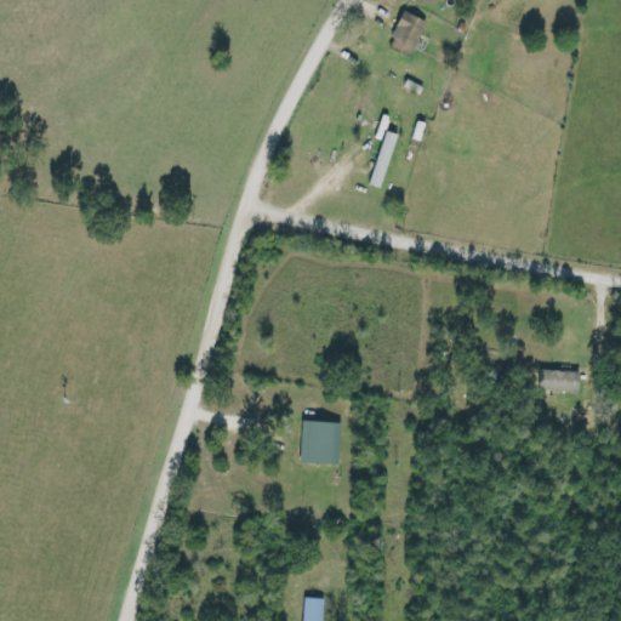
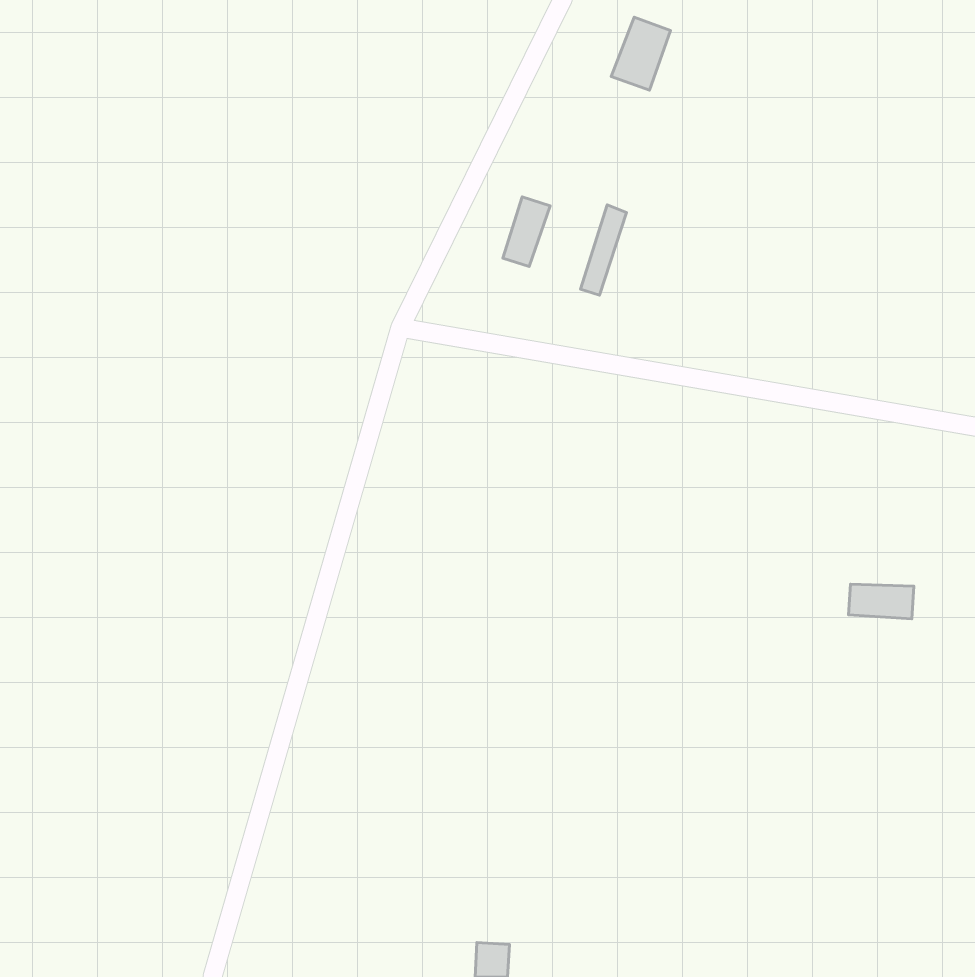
building: none -> [503,197,550,266]
building: [301,420,341,463] -> none

